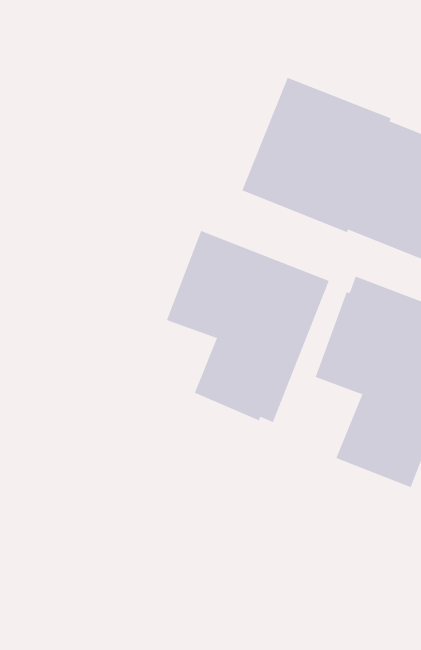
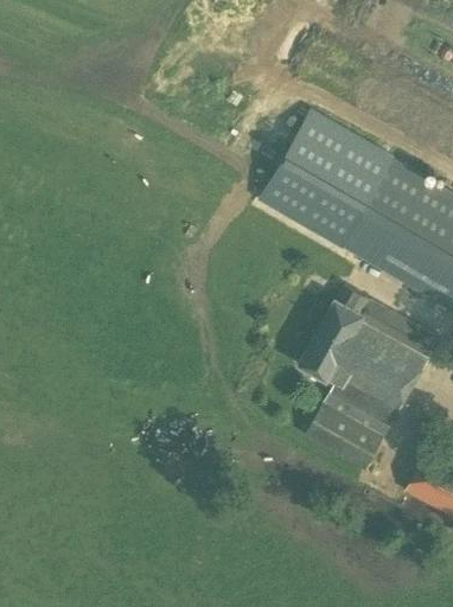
building: [166,230,330,423] -> none

